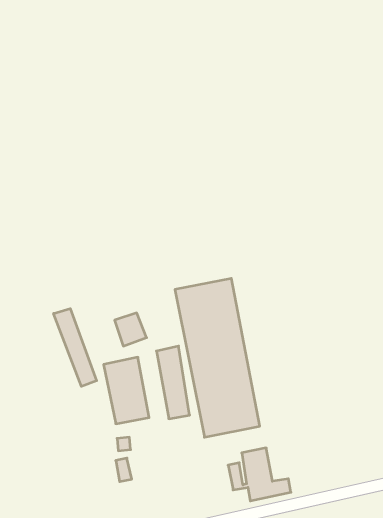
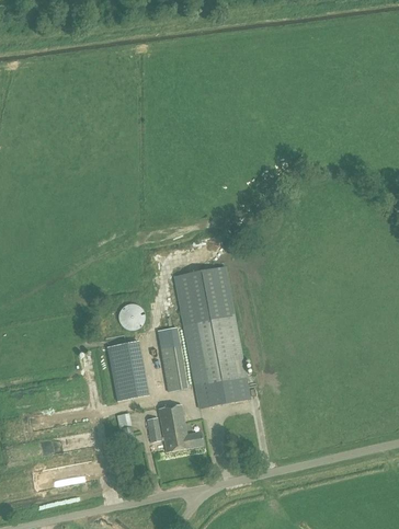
building: [54,309,97,386] -> none
building: [228,448,291,501] -> [145,405,201,452]

